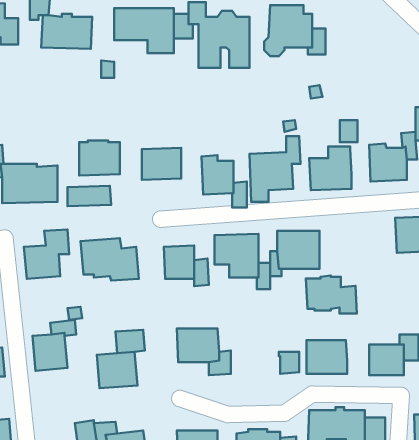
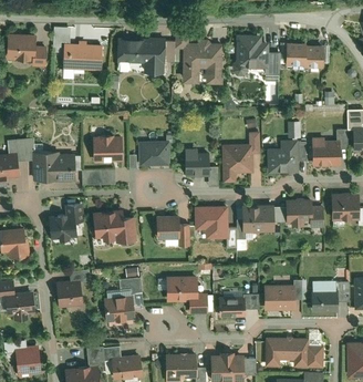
building: none -> [286,41,323,65]
building: [306,275,357,313] -> [284,197,323,226]
building: none -> [217,299,243,320]

